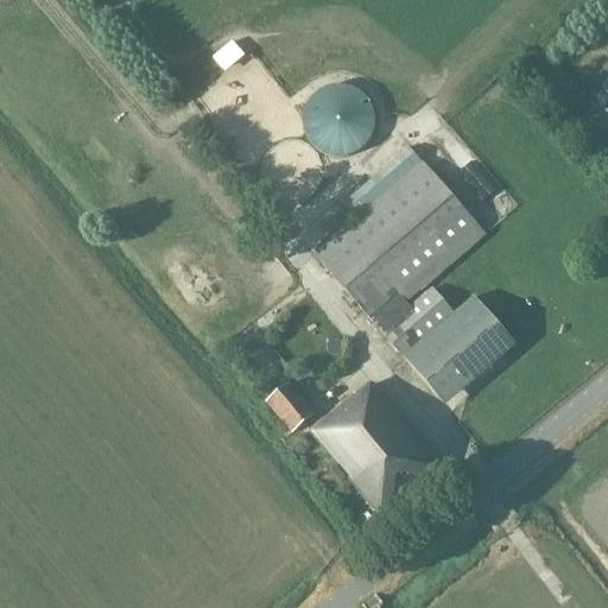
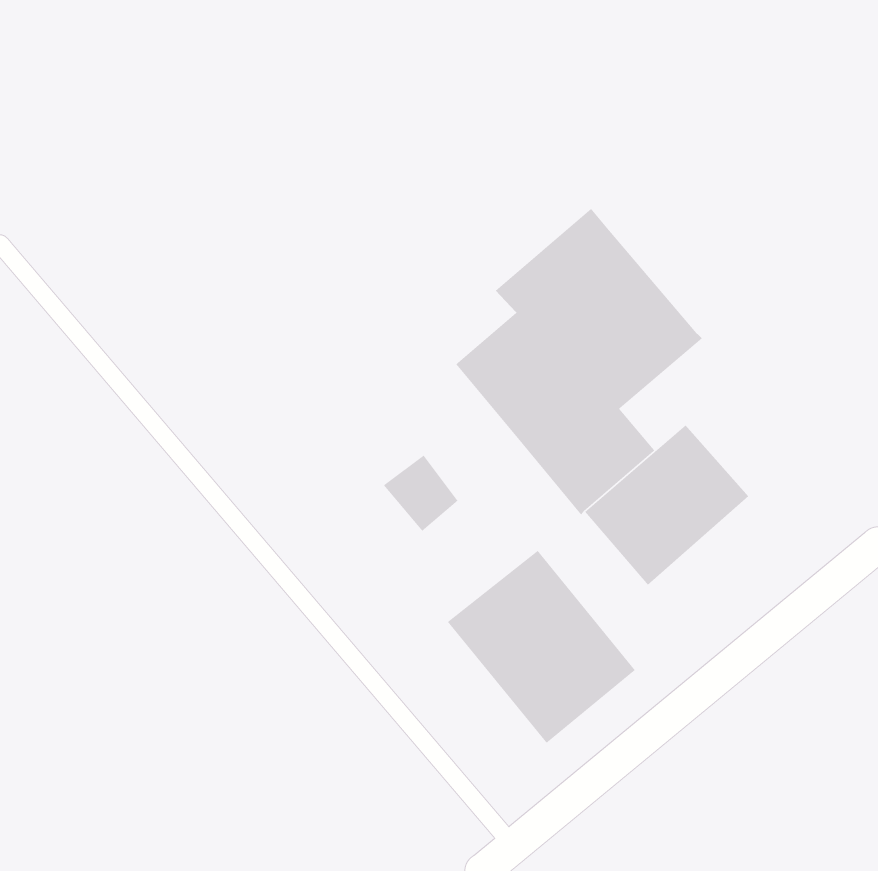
building: [303,82,374,154] -> none
building: [265,379,317,432] -> [383,454,458,532]

